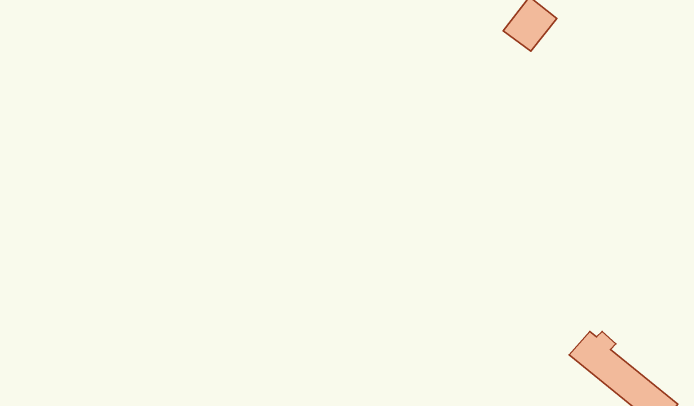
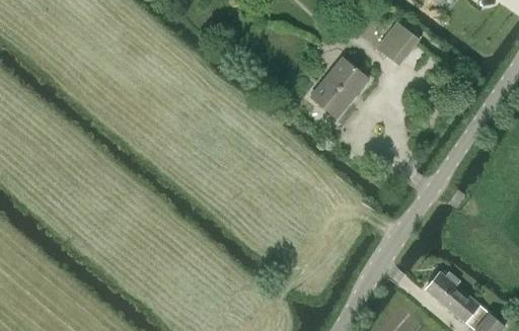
building: none -> [313,58,370,117]

